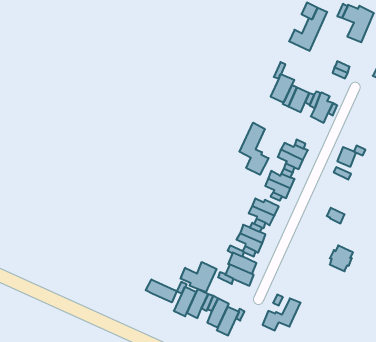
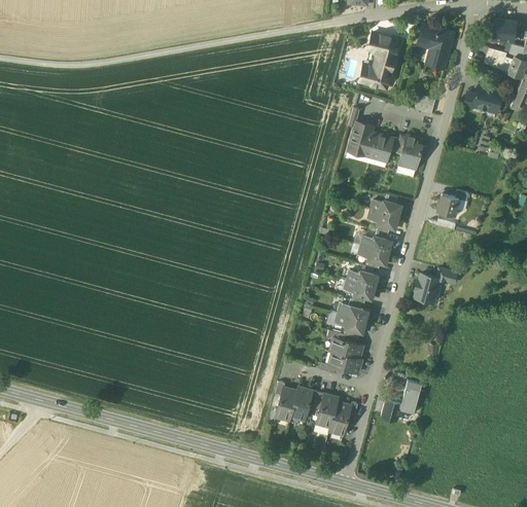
building: [239,123,269,175] -> none
building: [330,245,353,271] -> [414,274,440,302]
building: [180,262,217,292] -> none
building: [146,279,177,302] -> none

